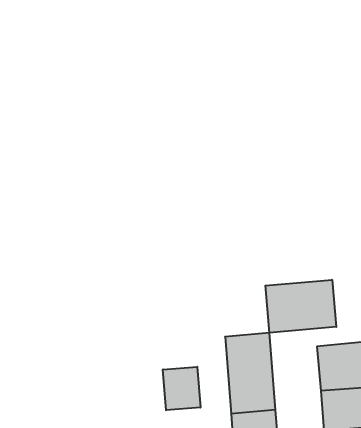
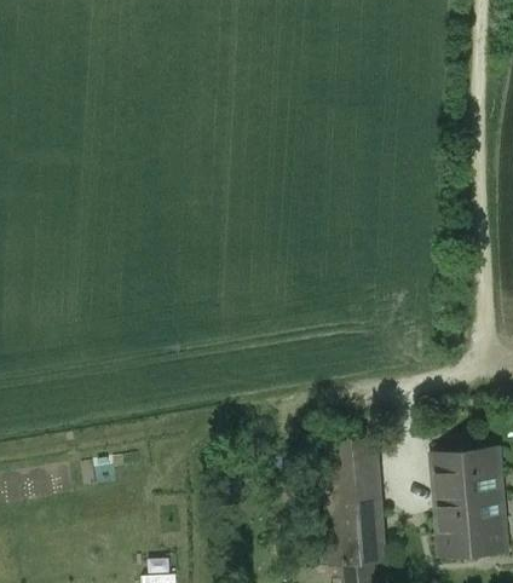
building: [265,280,336,333] -> none
building: [163,367,200,410] -> none

